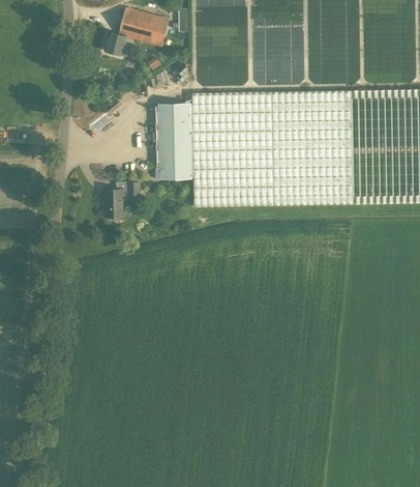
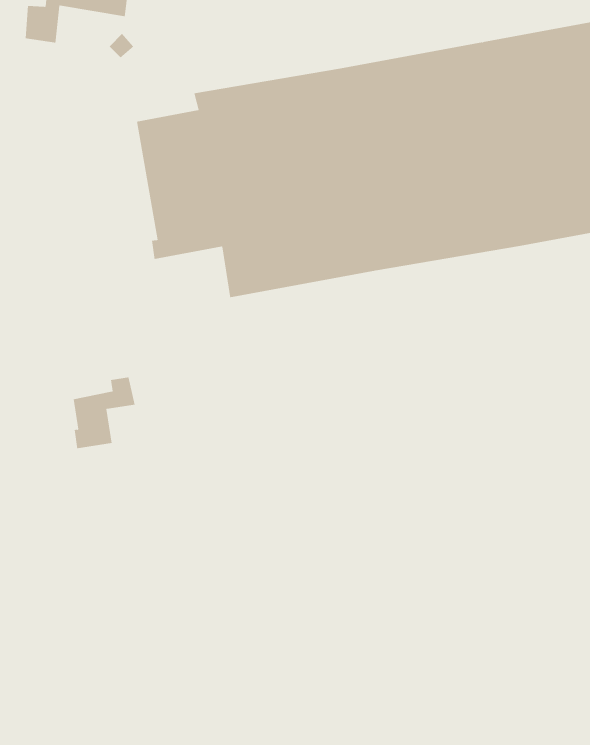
building: [103,182,139,217] -> [73,377,135,449]

